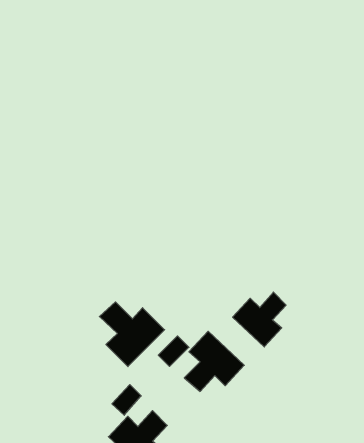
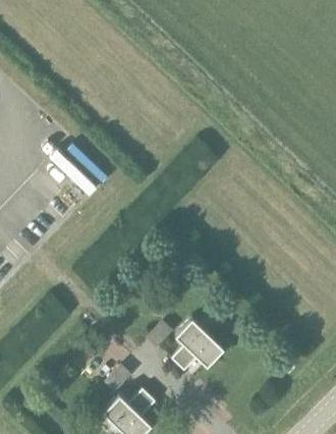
building: [233,292,286,347] -> none
building: [99,302,165,367] -> none

